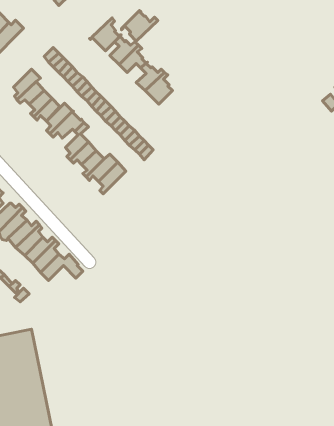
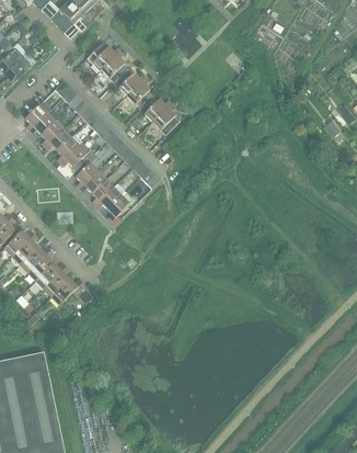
building: [121,10,158,41] -> [85,41,120,70]

